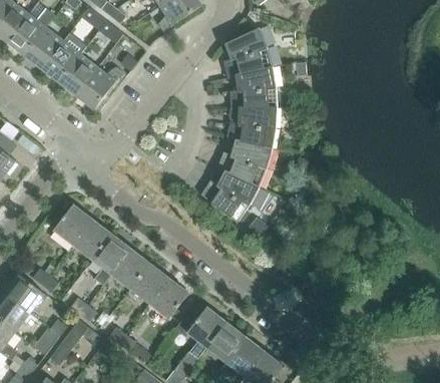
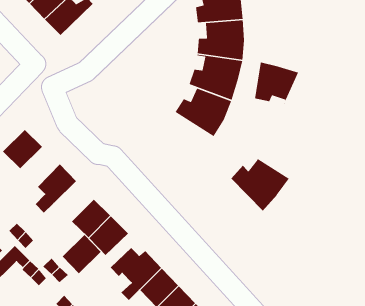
building: none -> [254,61,299,107]
building: [200,167,259,223] -> [231,154,290,212]
building: [73,220,111,260] -> none
building: [111,249,149,289] -> [62,234,101,274]

